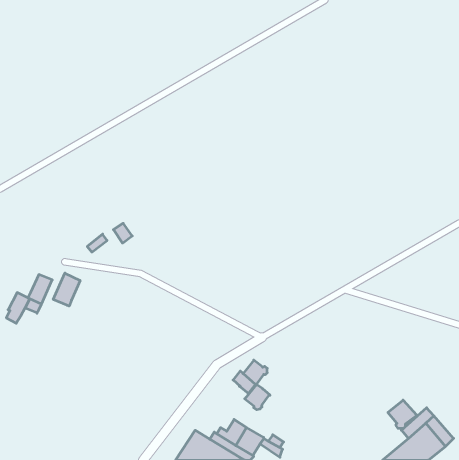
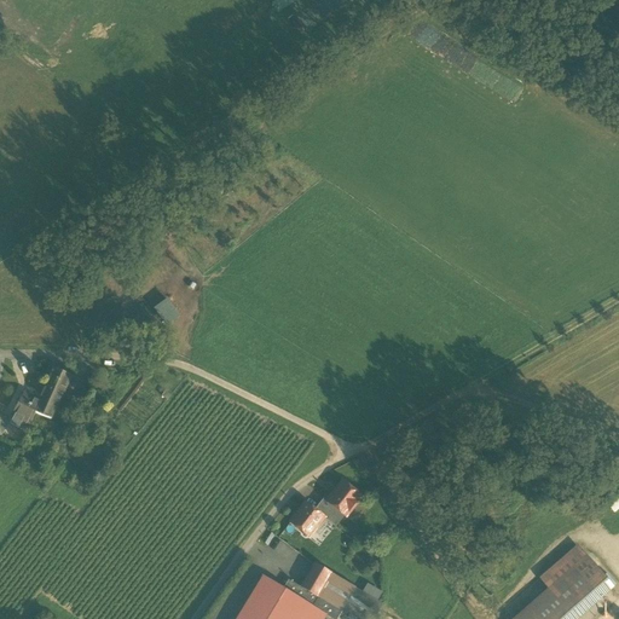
building: [53,273,80,306] -> none
building: [245,384,270,410] -> [289,504,323,538]
building: [388,400,416,429] -> none

